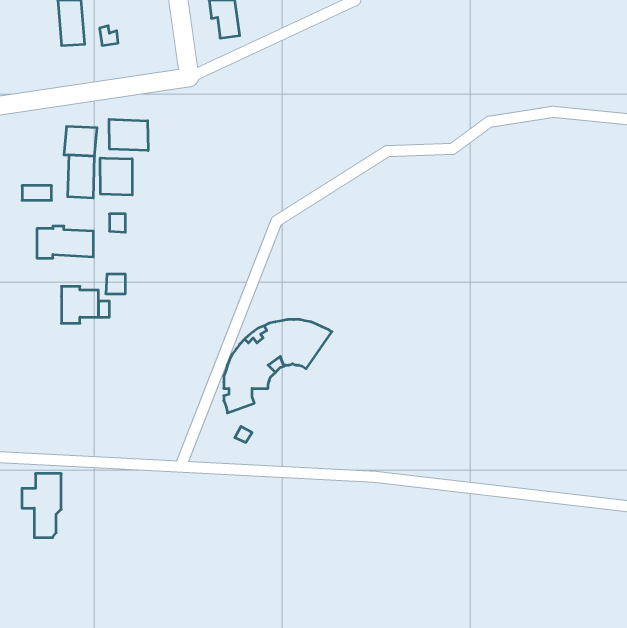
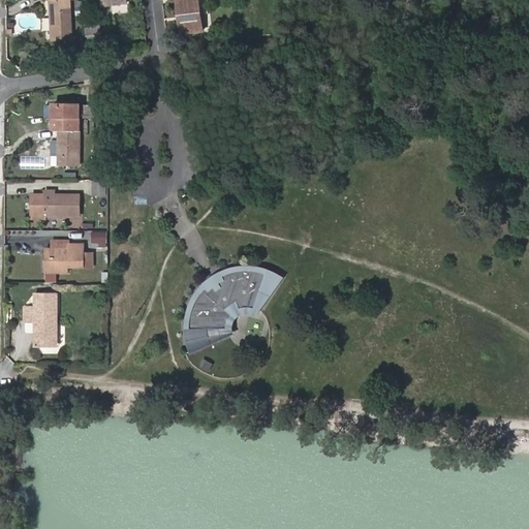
building: [109,119,148,151] -> none
building: [100,158,132,195] -> none
building: [22,474,61,538] -> [23,292,56,346]

